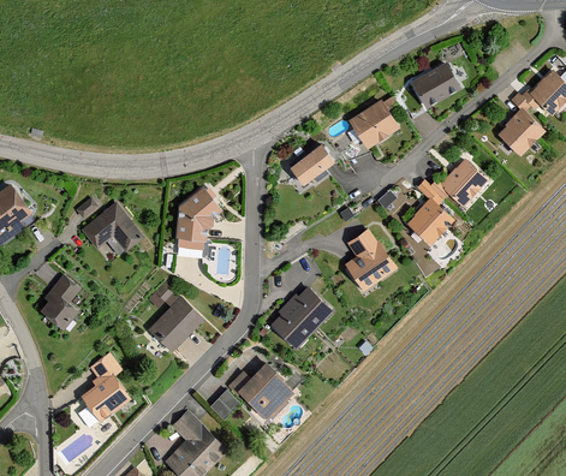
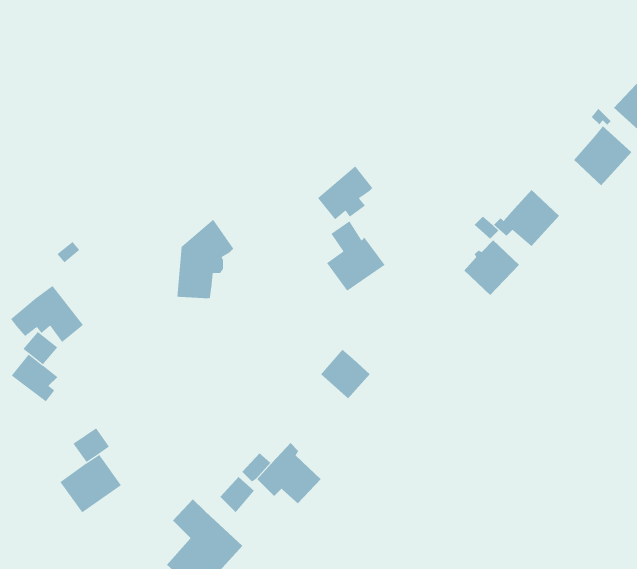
building: [410,65,458,107] -> none
building: [347,99,395,144] -> none
building: [82,204,142,251] -> [10,285,84,343]
building: [345,231,393,288] -> [326,220,385,291]
building: [145,296,202,352] -> none
building: [273,309,314,350] -> none

